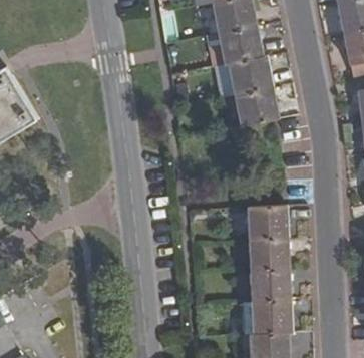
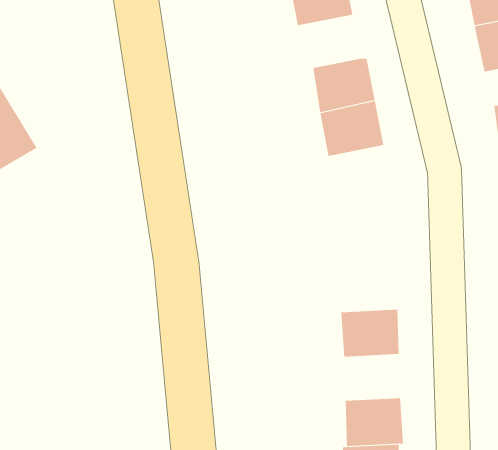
building: [217,25,263,64] -> none
building: [247,205,289,238] -> none
building: [250,268,291,301] -> none

